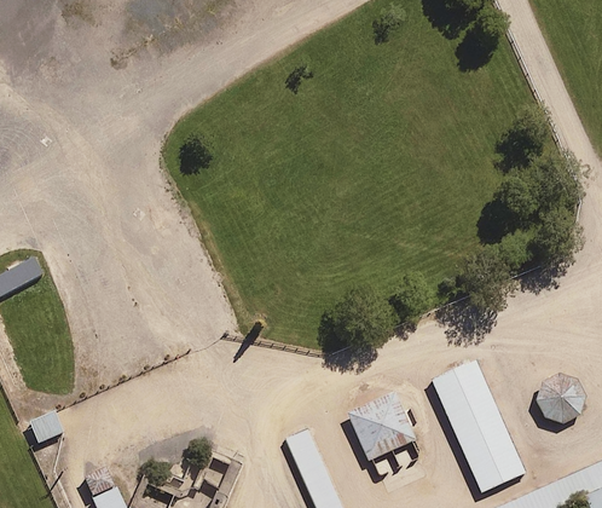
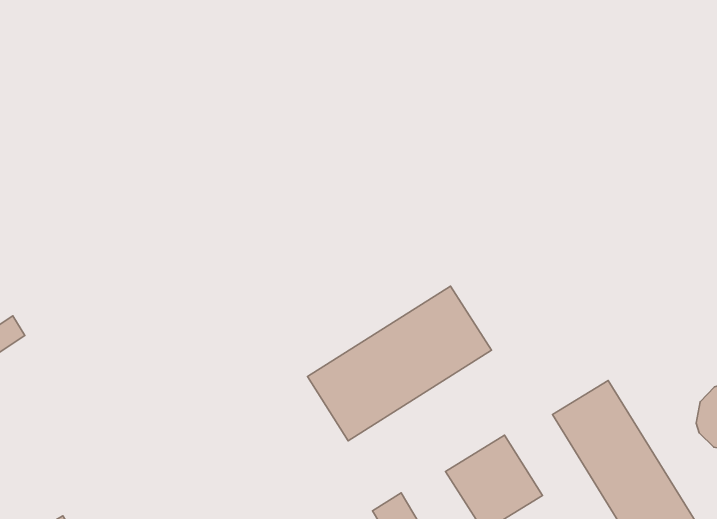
building: none -> [308,286,491,441]

